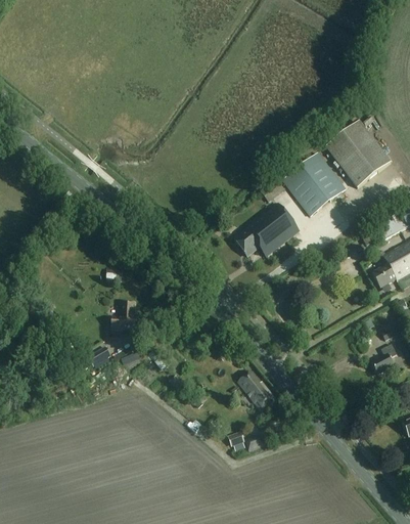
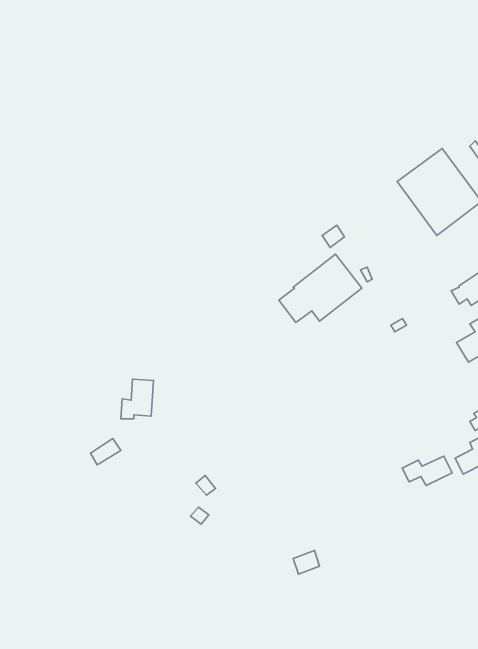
building: [281,151,345,215] -> none
building: none -> [402,456,452,486]
building: [237,370,279,412] -> none

